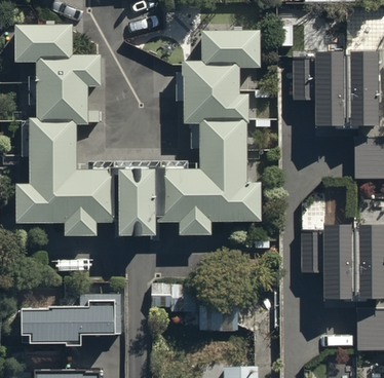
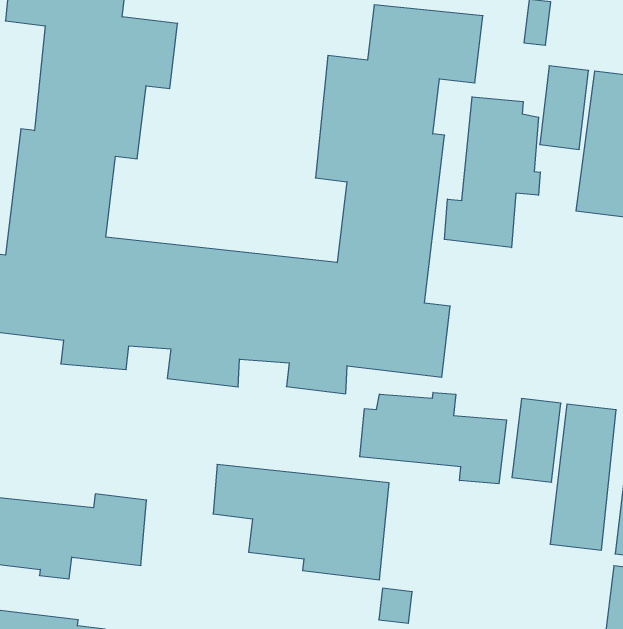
building: none -> [444,97,540,248]
building: none -> [360,392,507,484]

